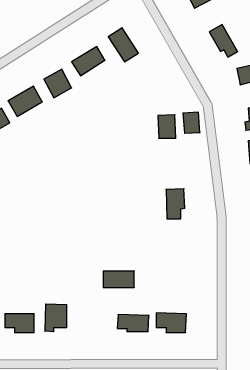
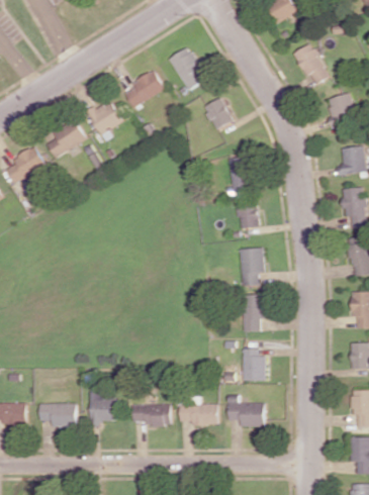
building: none -> [203,98,232,129]
building: [183,112,200,133] -> [237,201,258,227]
building: none -> [243,294,264,331]
building: none -> [242,349,265,381]
building: [103,271,134,287] -> [132,404,171,424]

